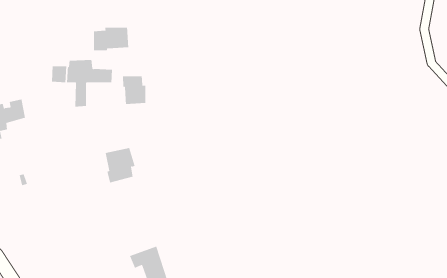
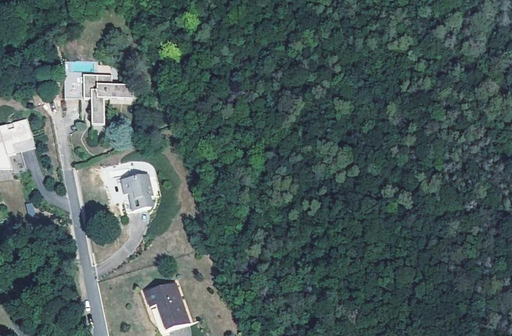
building: [93,27,129,51] -> none
building: [122,76,146,105] -> none

